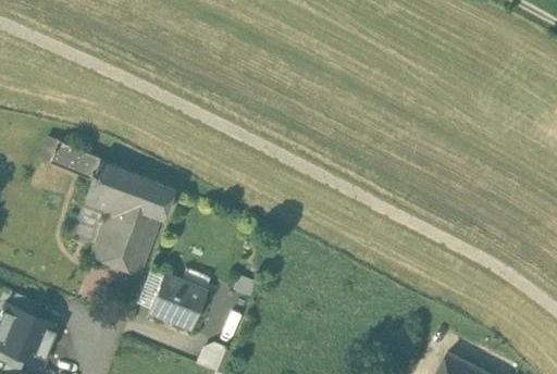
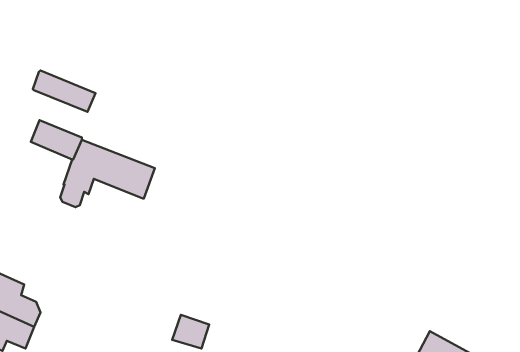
building: none -> [33,71,95,112]
building: [89,199,160,276] -> none
building: [150,274,203,323] -> none

